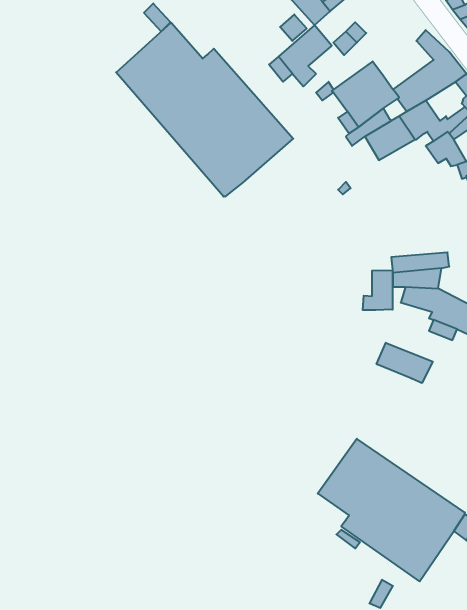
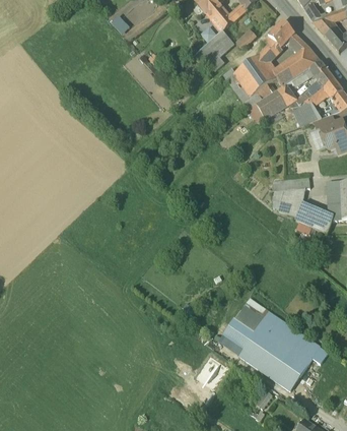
building: none -> [259,19,293,61]
building: [116,23,293,197] -> none
building: [363,270,393,310] -> none
building: [377,343,433,383] -> none

